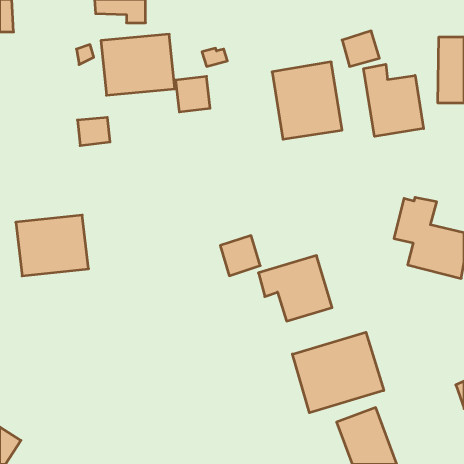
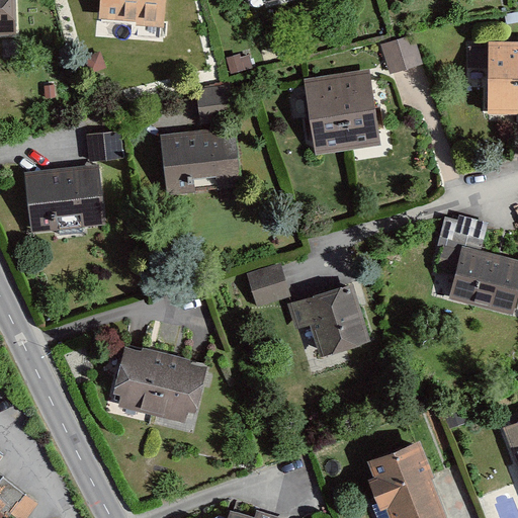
building: [101,34,175,95] -> [159,127,241,195]
building: [364,64,424,136] -> none
building: [16,215,89,276] -> [23,164,104,232]
building: none -> [117,348,201,418]
building: [292,332,384,413] -> none

